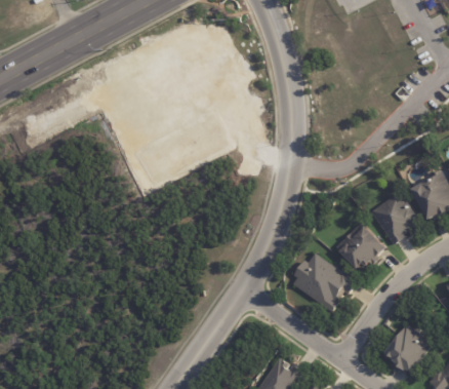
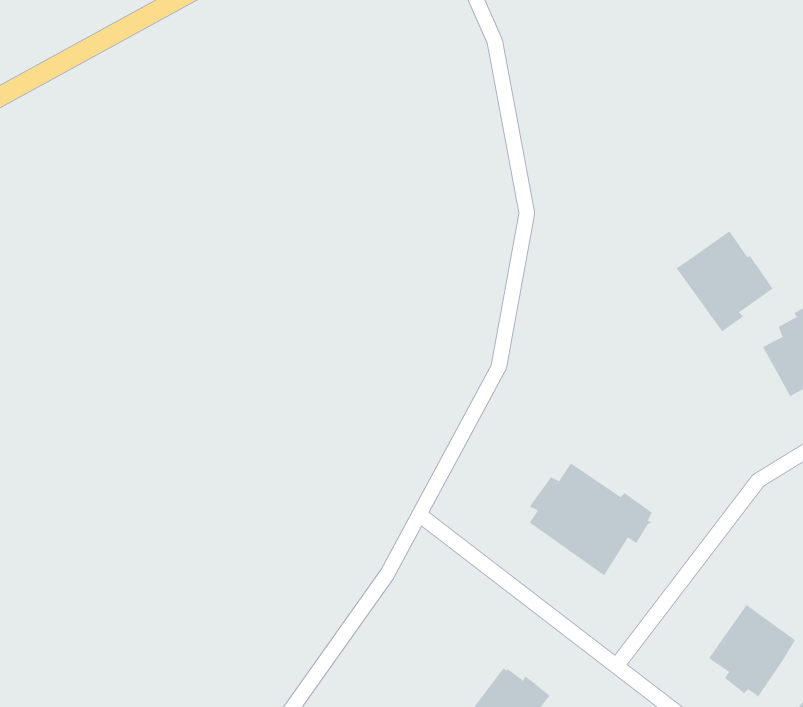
building: [370,193,420,245] -> [676,231,774,332]
building: [335,224,385,269] -> none

